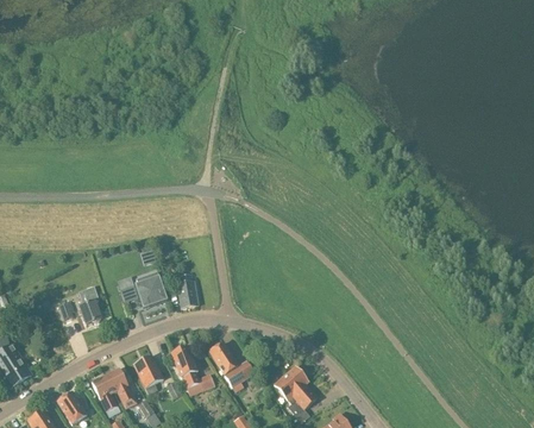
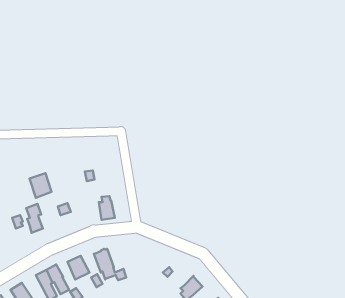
building: [137,270,167,303] -> [30,173,52,198]
building: [209,341,255,386] -> none
building: [275,365,308,399] -> none

